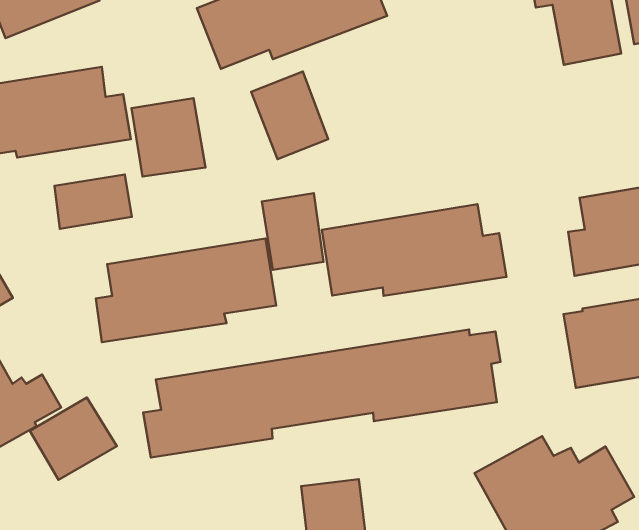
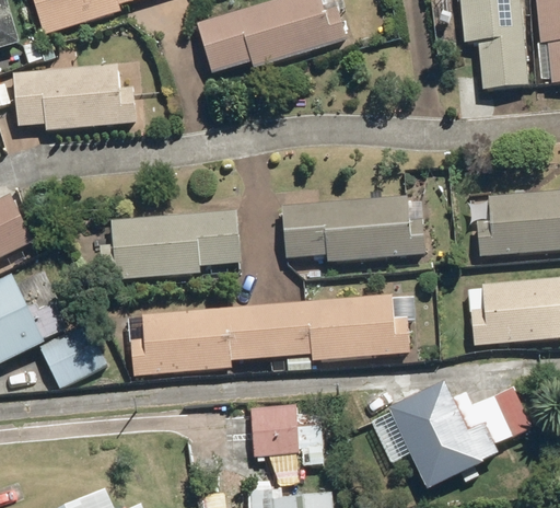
building: [251,72,328,159] -> none
building: [132,98,205,177] -> none
building: [54,174,132,229] -> none
building: [262,193,323,270] -> none

